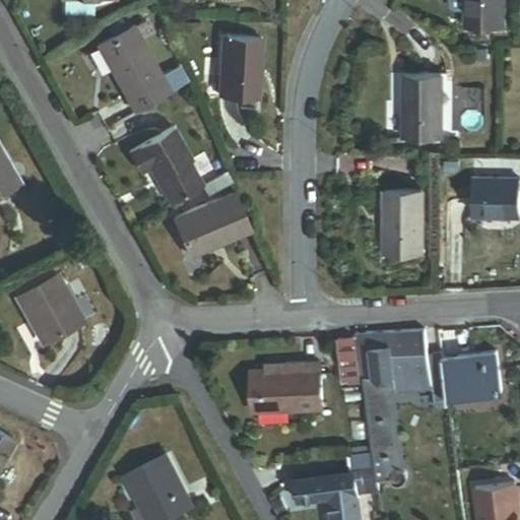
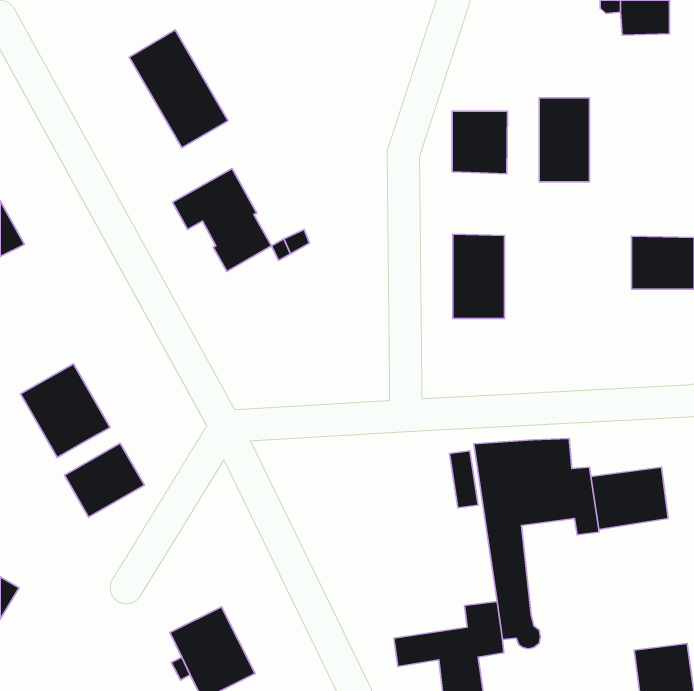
building: [218,39,262,100] -> none
building: none -> [452,111,508,174]
building: [384,191,422,254] -> [453,234,505,318]
building: [173,194,252,259] -> none
building: none -> [64,443,144,517]
building: [250,363,324,414] -> none

